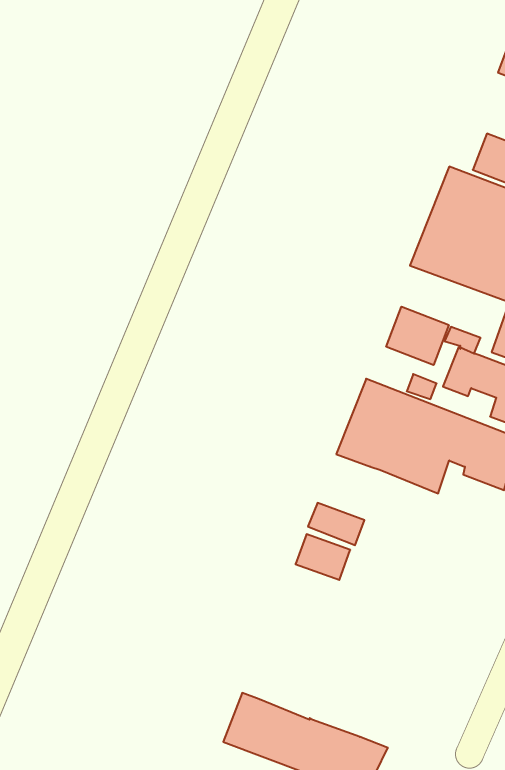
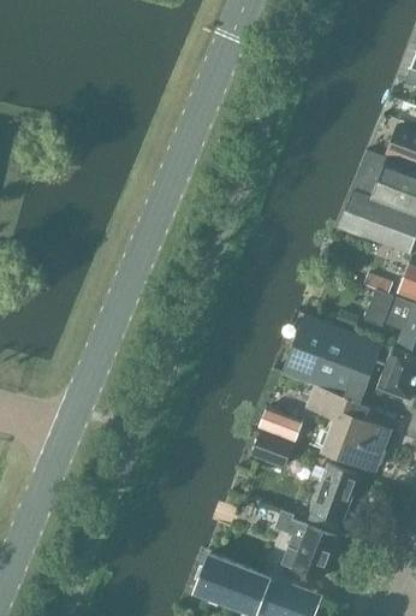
building: [386,307,449,365] -> none
building: none -> [307,384,391,470]
building: none -> [308,464,359,531]
building: none -> [263,510,337,588]

